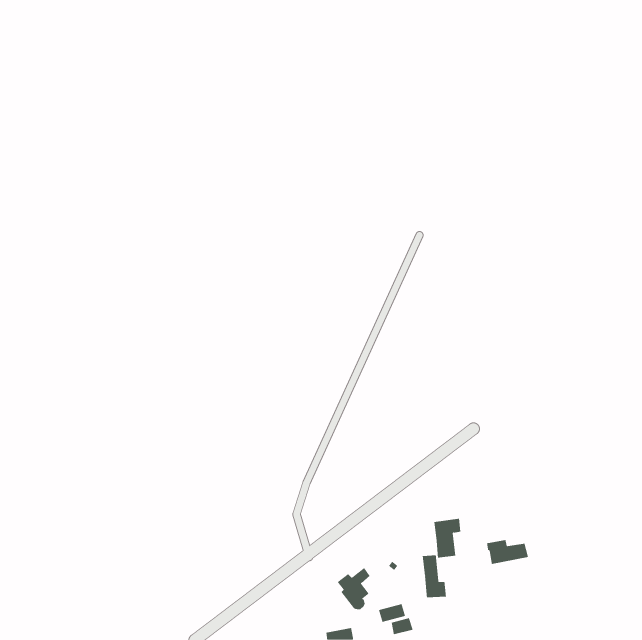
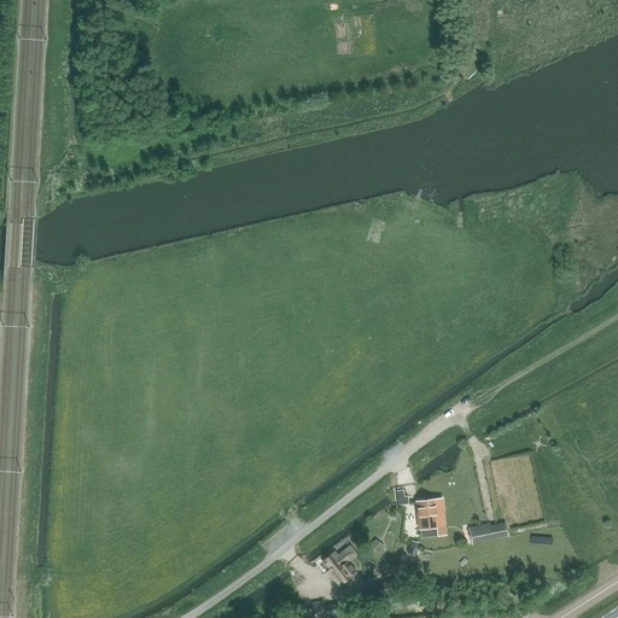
building: [422,555,447,598] -> none

